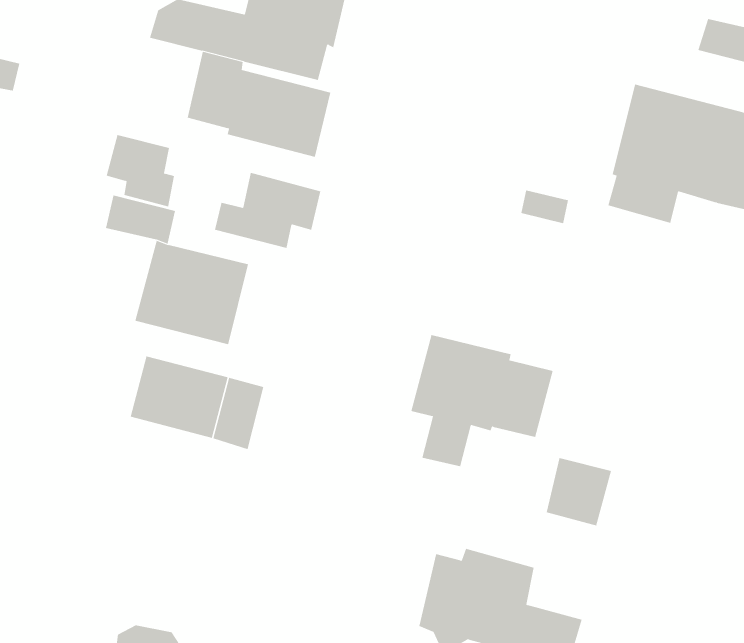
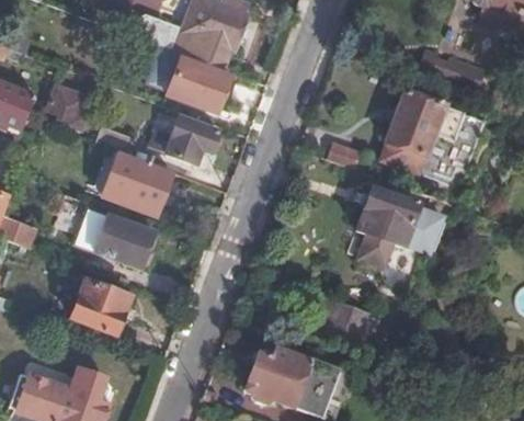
building: [106,135,175,207] -> [48,86,88,130]
building: [411,334,553,467] -> [356,186,441,264]
building: none -> [72,281,129,333]

